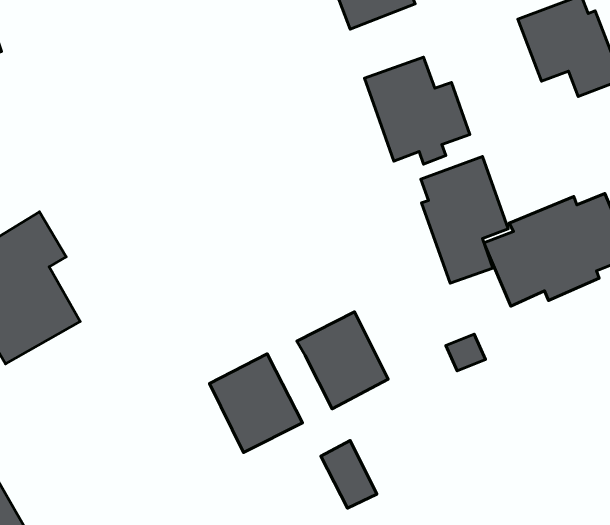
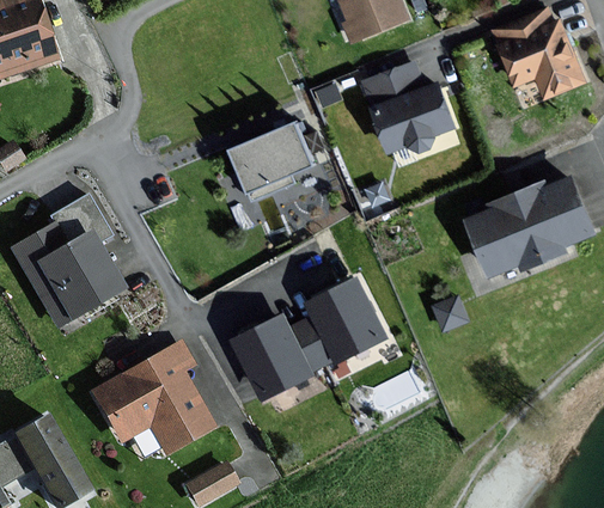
building: none -> [227,122,311,197]
building: [421,157,508,283] -> none
building: none -> [94,341,212,451]
building: [321,441,377,508] -> [288,316,336,373]

